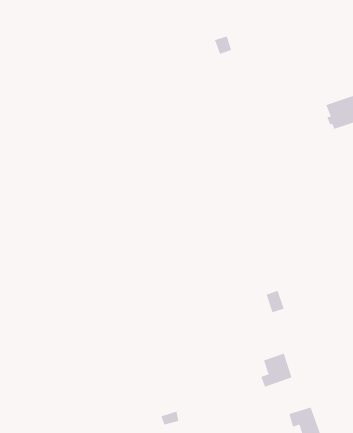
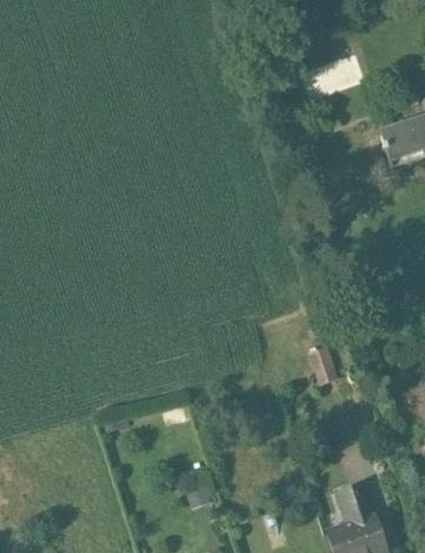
building: [233,353,292,388] -> none

